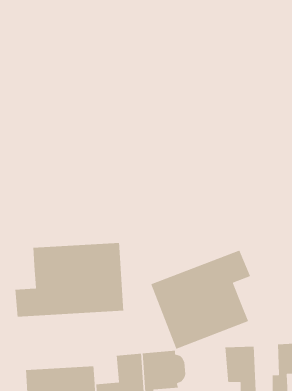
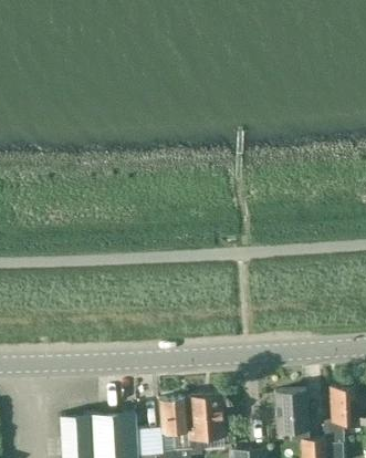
building: [14,242,124,317] -> none
building: [150,250,251,350] -> none

